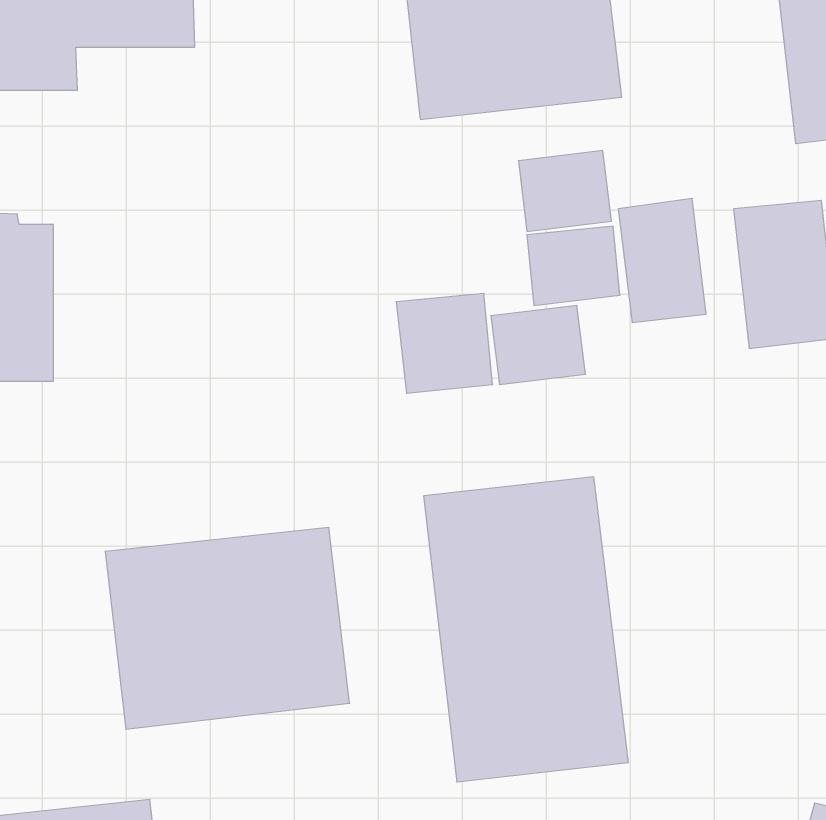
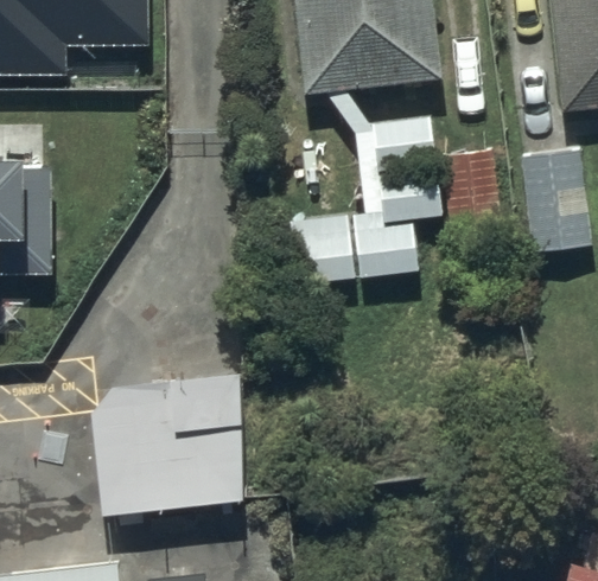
building: [424,477,628,782] -> none

